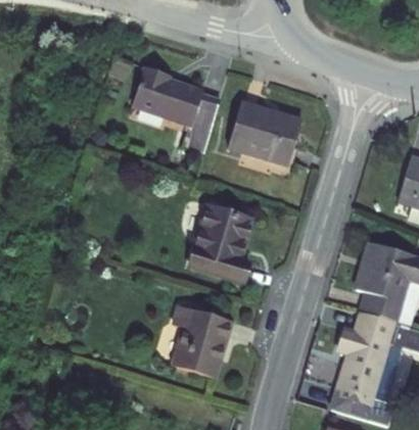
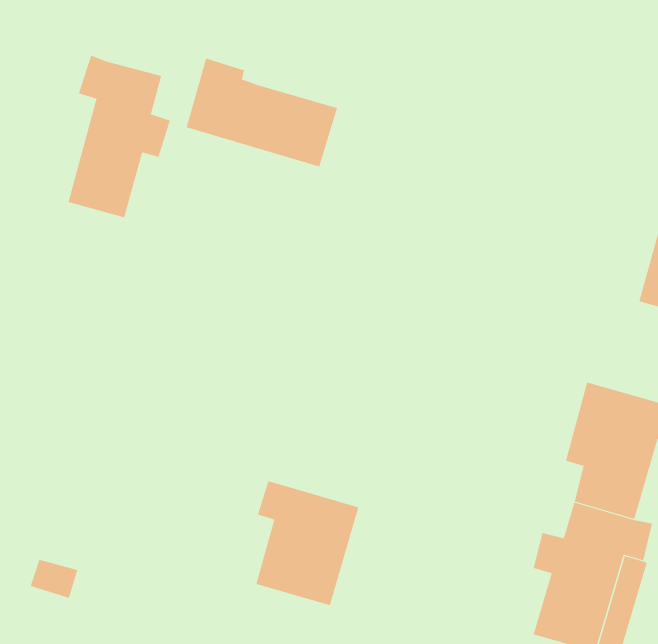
building: none -> [68,55,171,218]
building: [229,98,305,162] -> none
building: [191,204,253,279] -> none

